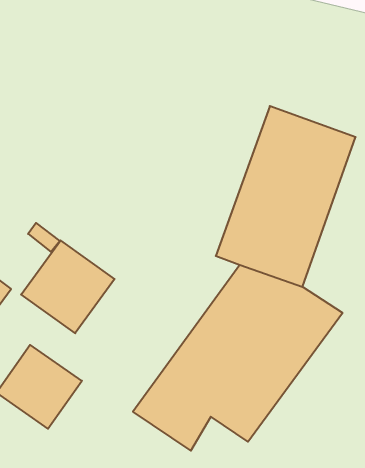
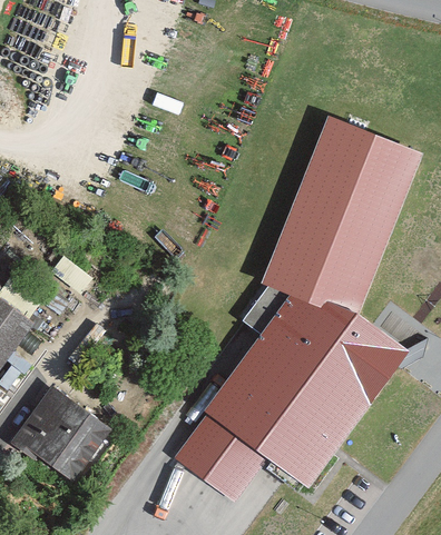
building: [21,240,115,333] -> none

